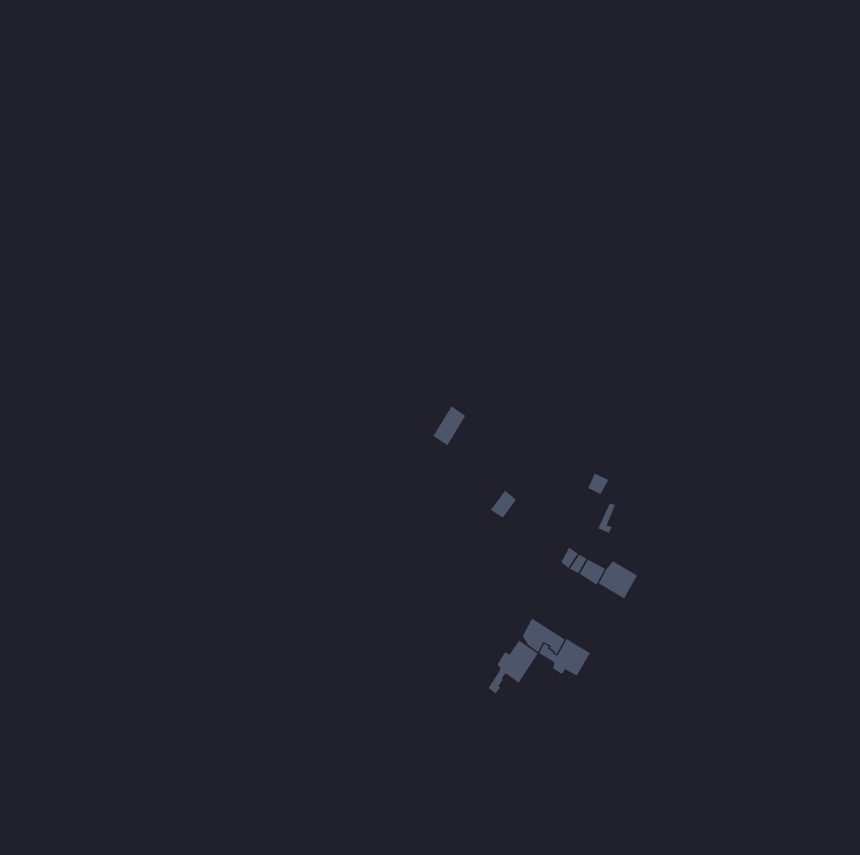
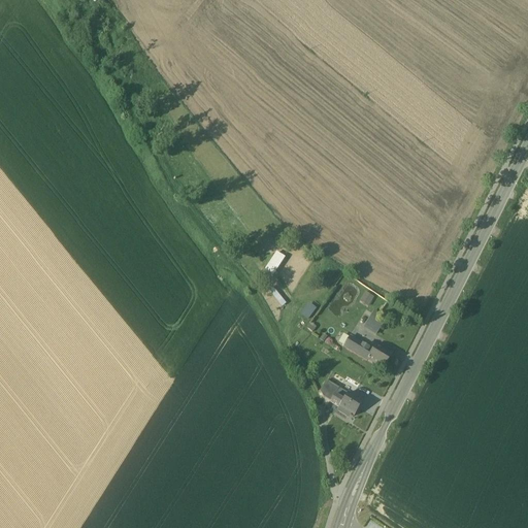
building: [488,640,539,694] -> none

